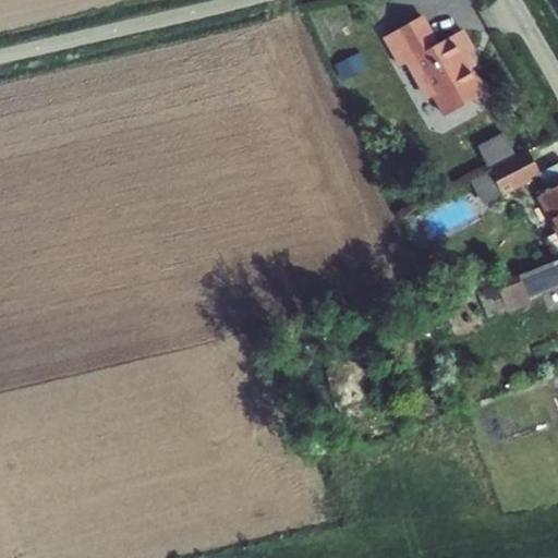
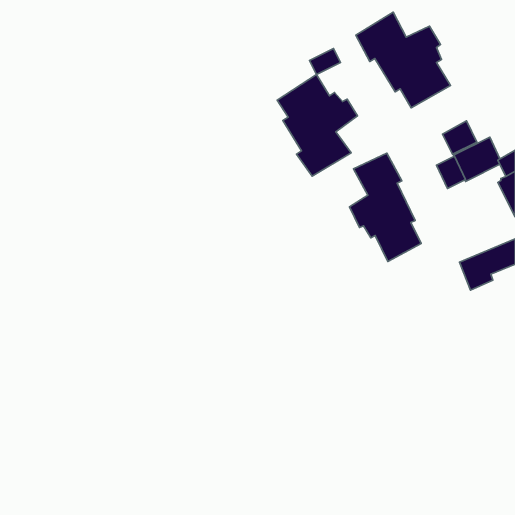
building: none -> [277,75,357,176]
building: none -> [350,153,421,261]

